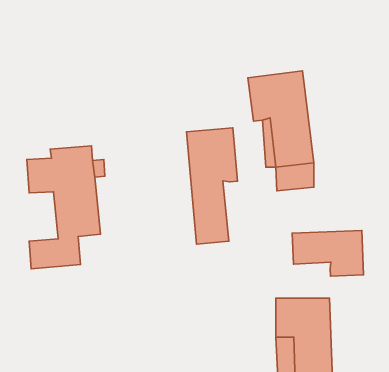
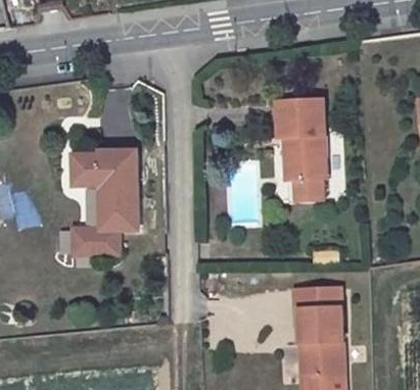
building: [186,128,237,244] -> none
building: [292,231,364,276] -> none

